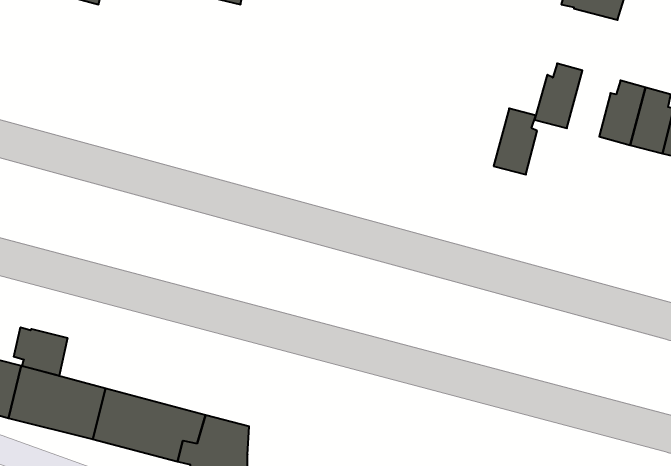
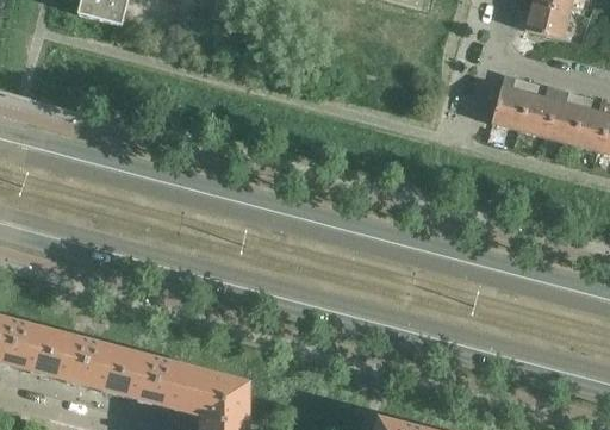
building: [494,108,537,175] -> [519,81,556,137]
building: [14,327,67,376] -> none

